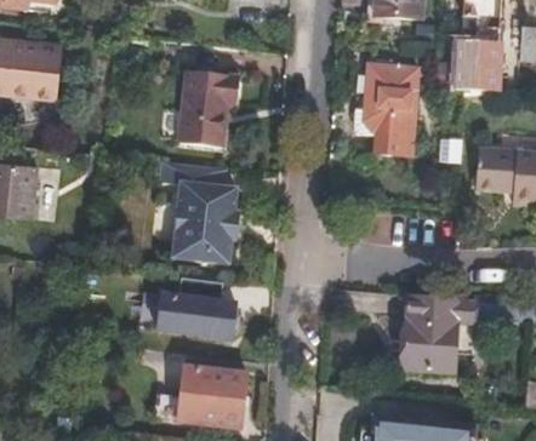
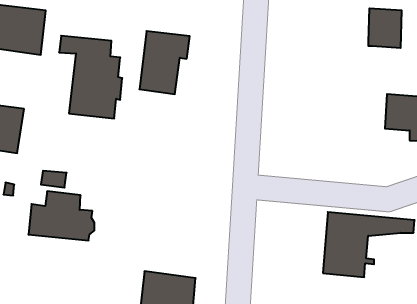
building: [371,64,418,133] -> none
building: [162,161,240,263] -> [59,36,122,118]
building: [158,276,239,337] -> [28,191,94,240]

